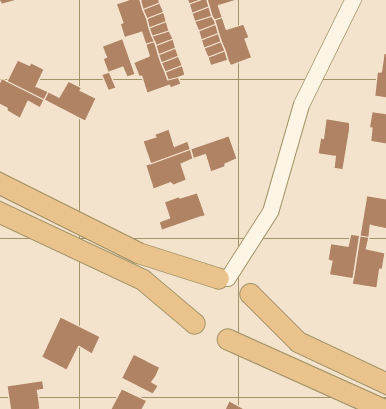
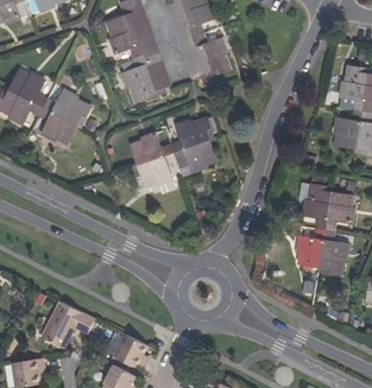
building: [102,39,135,77] -> none
building: none -> [39,107,75,142]
building: [318,119,350,169] -> [302,183,330,228]
building: [159,193,206,230] -> [171,117,213,151]

